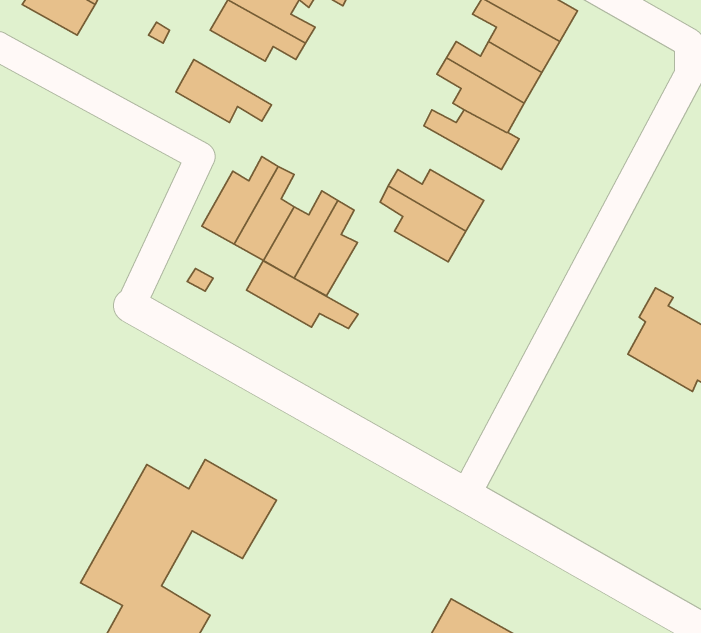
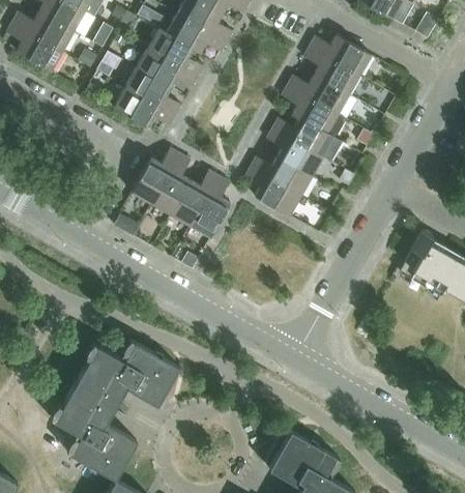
building: none -> [126,67,182,115]
building: none -> [267,128,323,176]
building: [246,261,358,329] -> none

